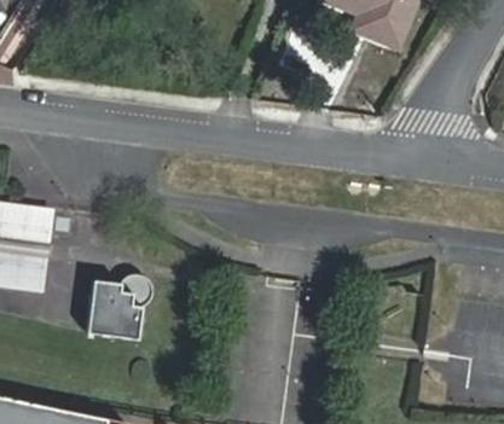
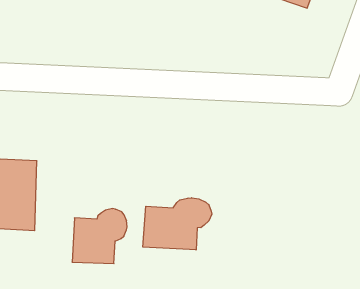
building: none -> [143,198,212,250]

